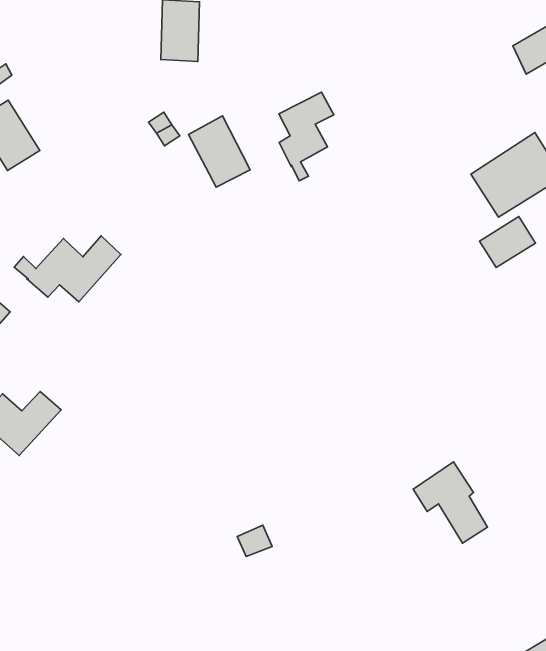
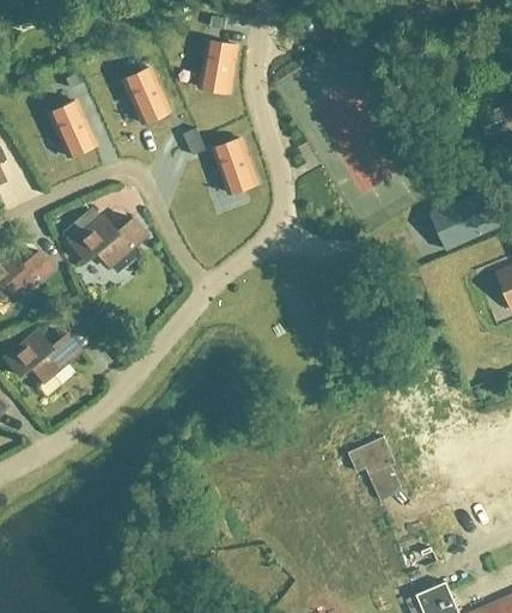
building: none -> [122,67,169,122]
building: [279,92,334,181] -> none
building: [479,217,536,268] -> none

